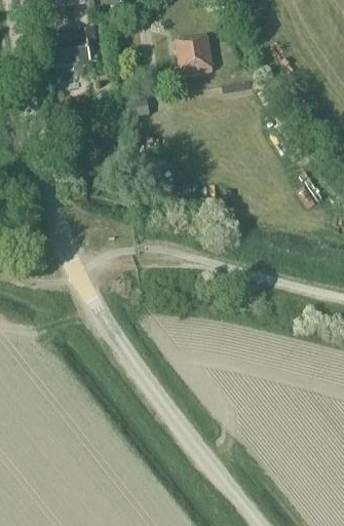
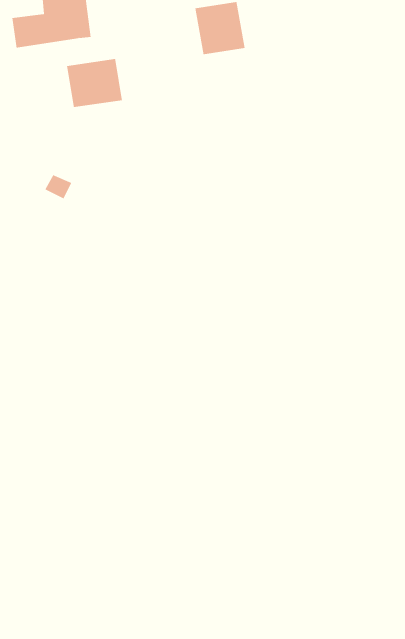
building: none -> [67,58,122,108]

